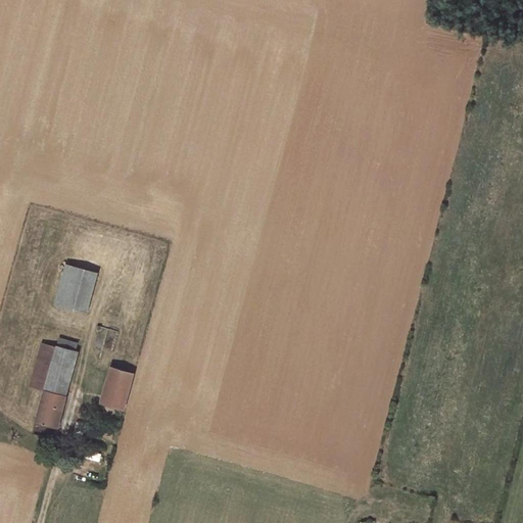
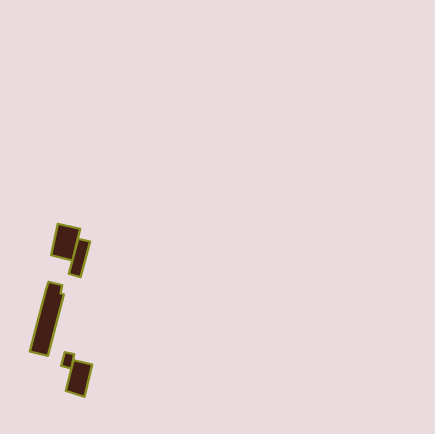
building: [30,345,55,391] -> [69,239,90,277]
building: [101,366,133,410] -> [66,360,92,397]

